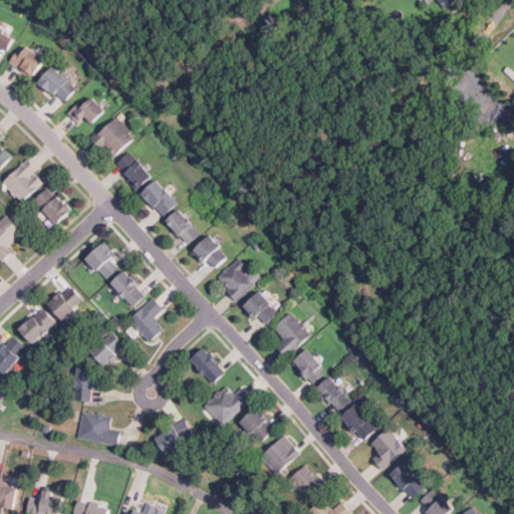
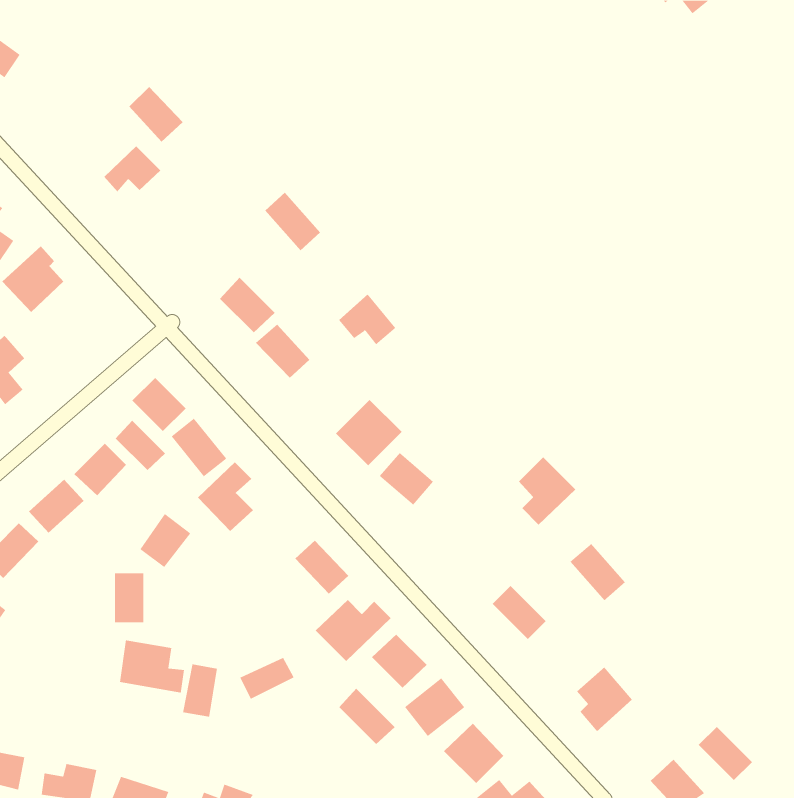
building: [8,44,43,78] -> none
building: [39,67,74,103] -> [129,86,183,142]
building: [90,117,133,159] -> none
building: [115,152,152,190] -> [264,192,321,251]
building: [32,186,70,224] -> none
building: [189,234,226,267] -> [338,294,396,345]
building: none -> [115,420,166,471]
building: [272,312,309,356] -> [518,457,576,525]
building: [291,349,325,383] -> none
building: [339,404,375,441] -> [570,543,626,601]
building: none -> [182,663,218,717]
building: none -> [339,688,396,745]
building: [389,463,424,498] -> [698,726,753,781]

